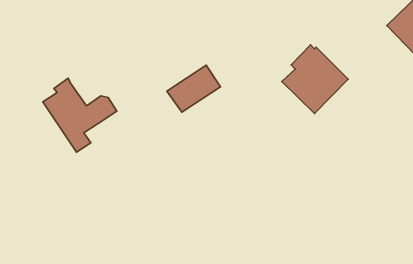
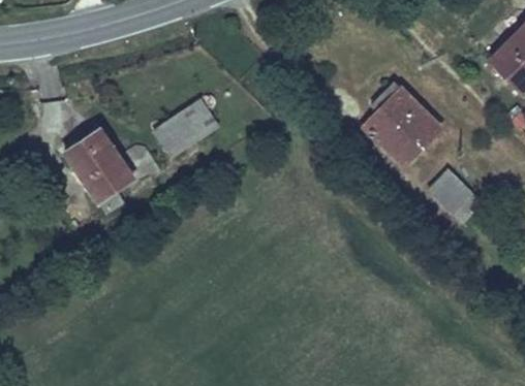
building: [167,65,221,112] -> [152,99,218,157]
building: none -> [429,168,484,223]

